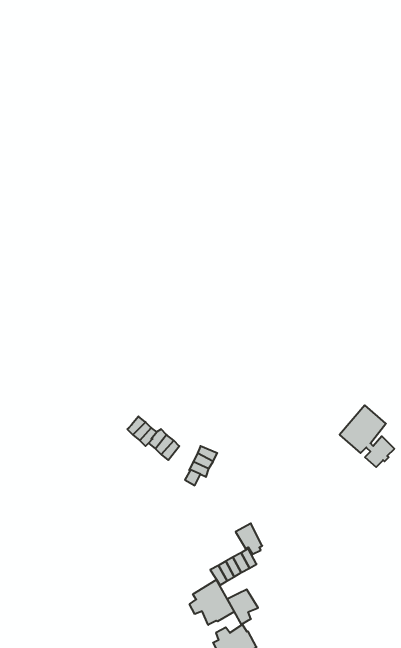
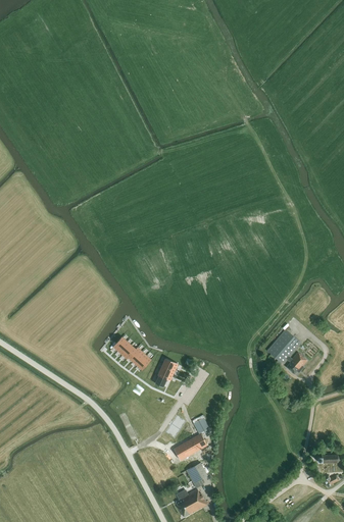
building: [190,580,234,625] -> none

